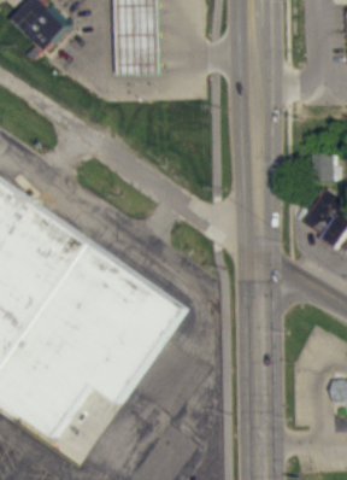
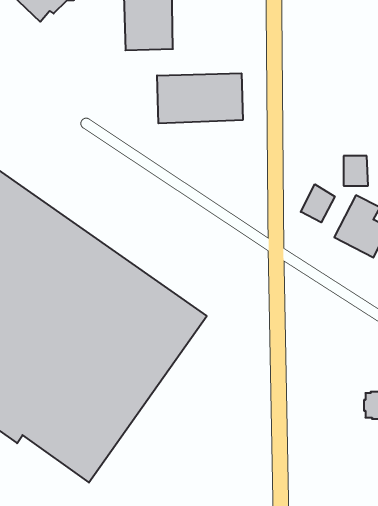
building: none -> [157,73,243,123]
building: none -> [301,184,335,222]

